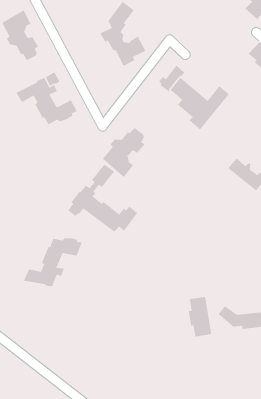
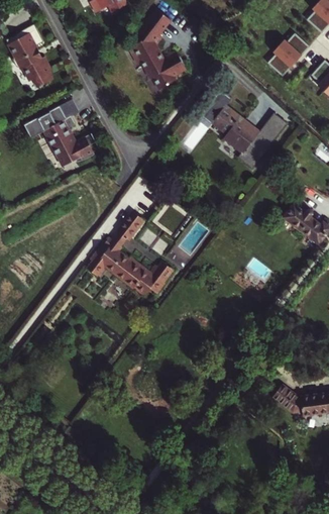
building: none -> [265,34,309,78]
building: [102,127,145,178] -> none
building: [23,237,83,287] -> none
building: [188,296,212,338] -> none

